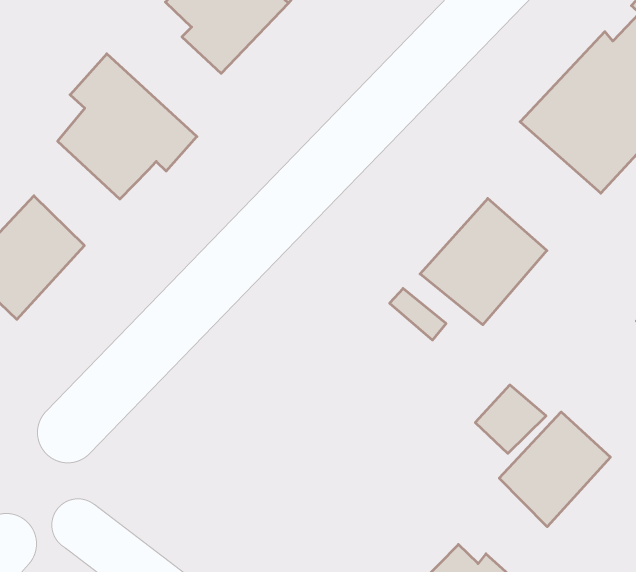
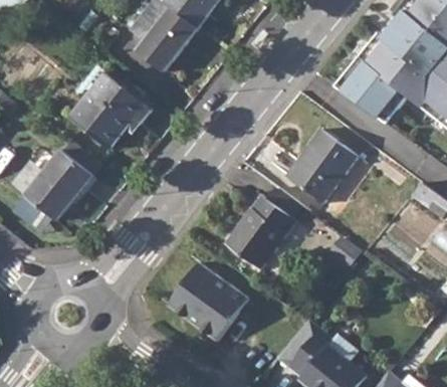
building: none -> [226,195,295,269]
building: none -> [168,261,248,340]
building: [499,412,610,527] -> none

